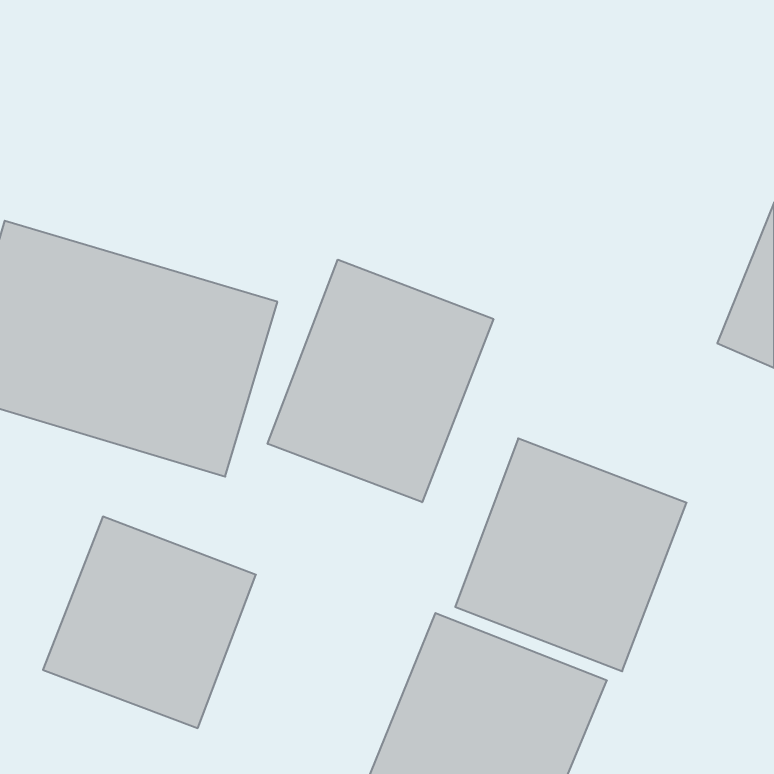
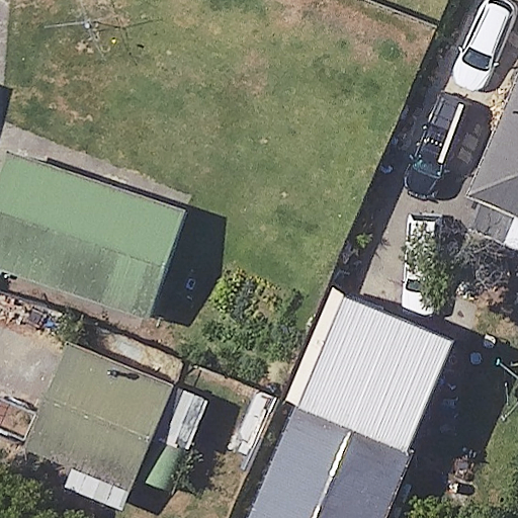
building: [268,260,493,502] -> none

